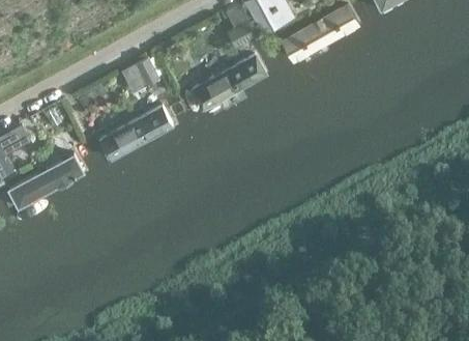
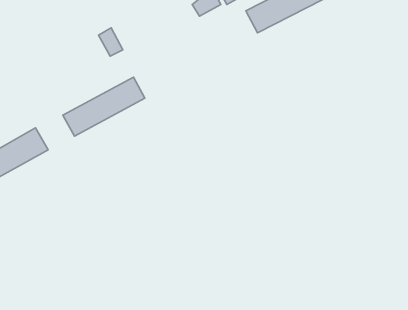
building: [188,53,267,109] -> none

